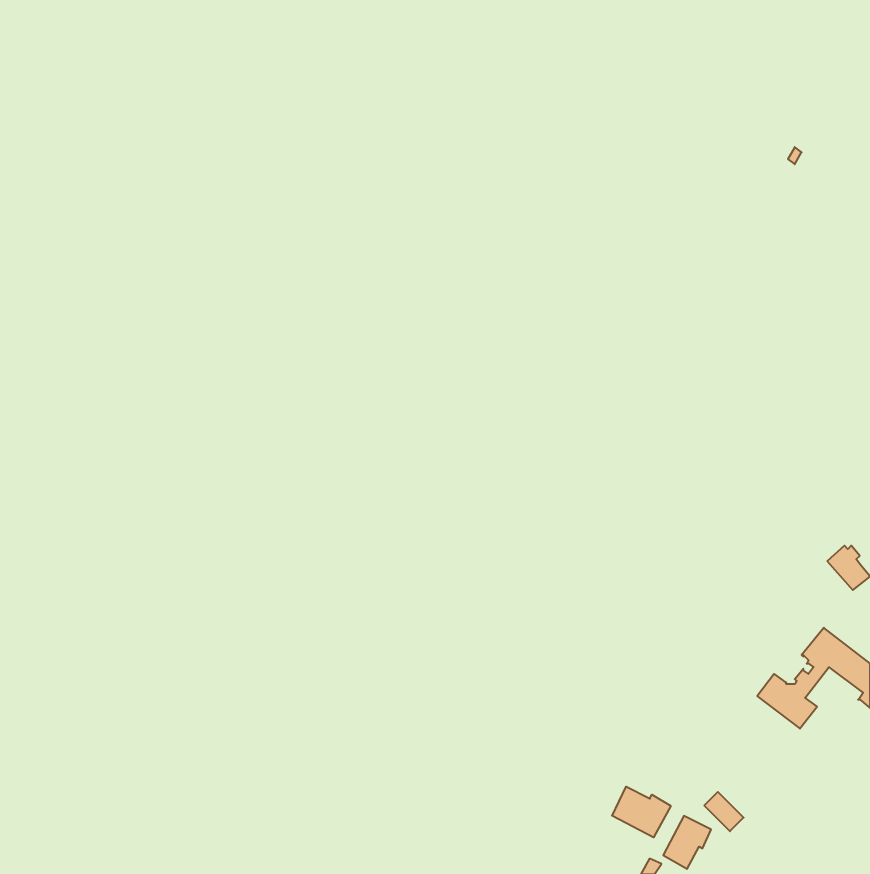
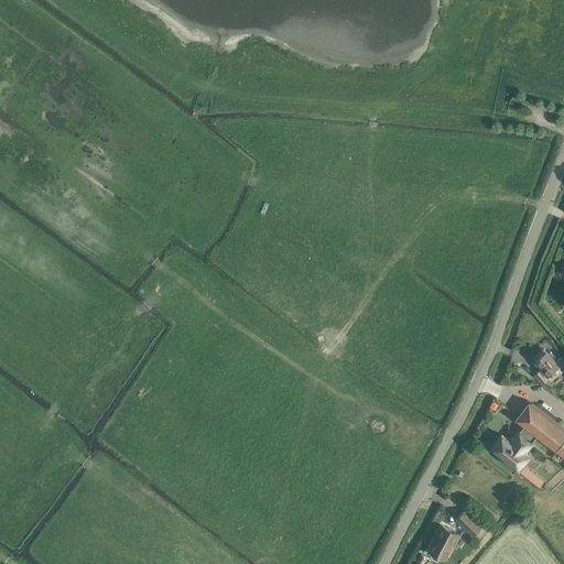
building: [612,787,671,837] -> none

